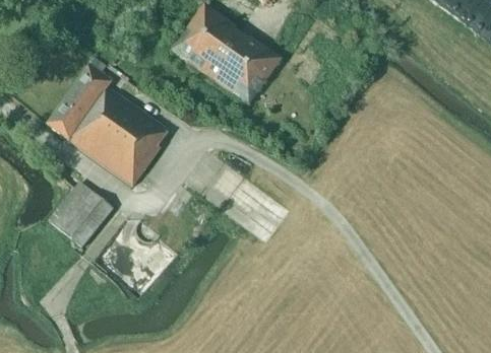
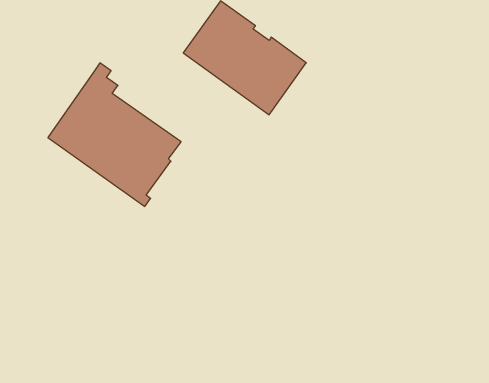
building: [49,181,113,246] -> none

